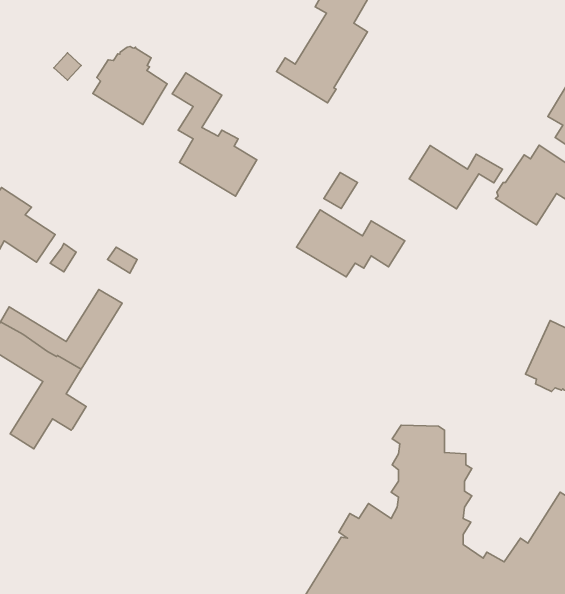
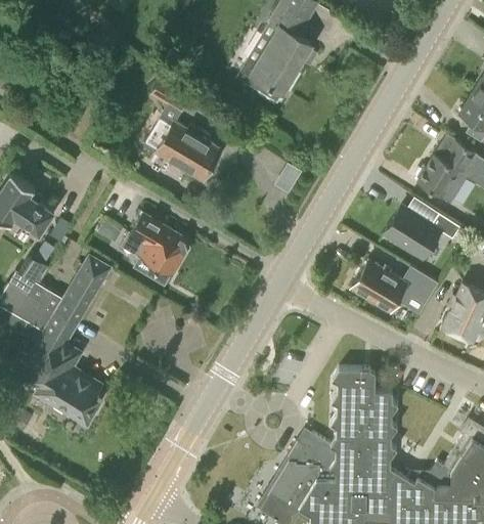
building: [93,46,167,124] -> none
building: [409,145,502,209] -> [385,208,461,260]
building: [297,210,405,277] -> [350,258,439,313]
building: none -> [125,215,188,275]
building: none -> [38,363,103,420]

